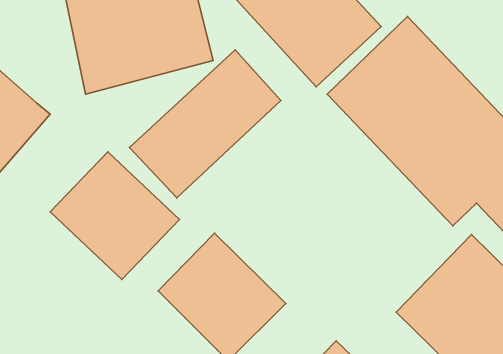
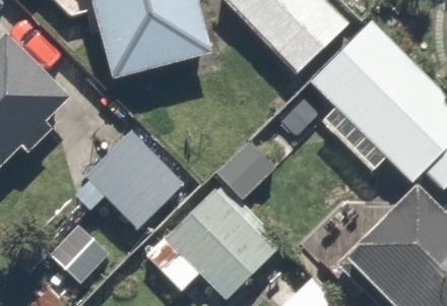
building: [130,50,281,198] -> none

